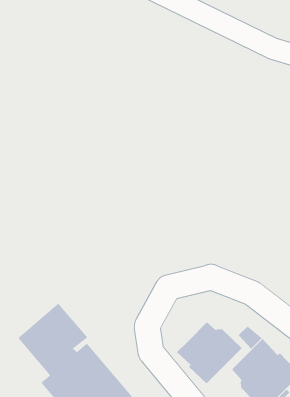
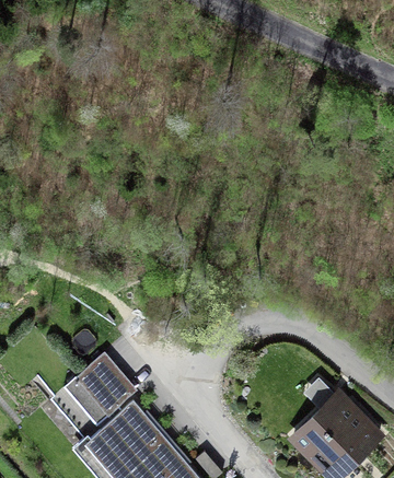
building: [176,322,243,384] -> none

